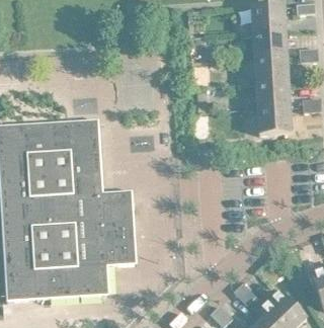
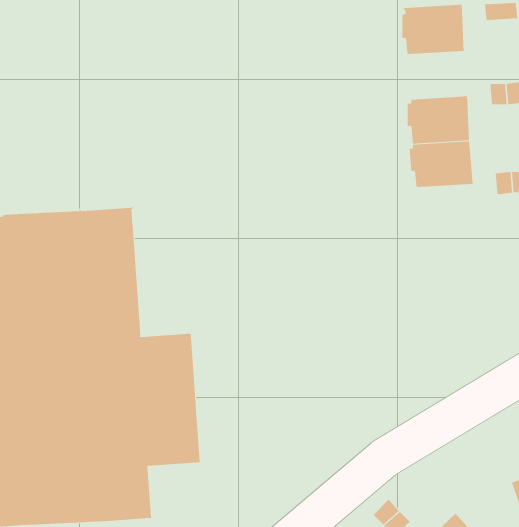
building: [251,29,288,57] -> none
building: [256,104,292,133] -> none

